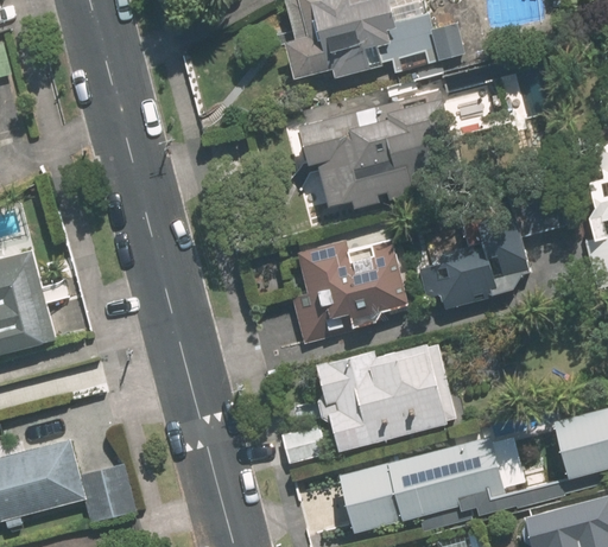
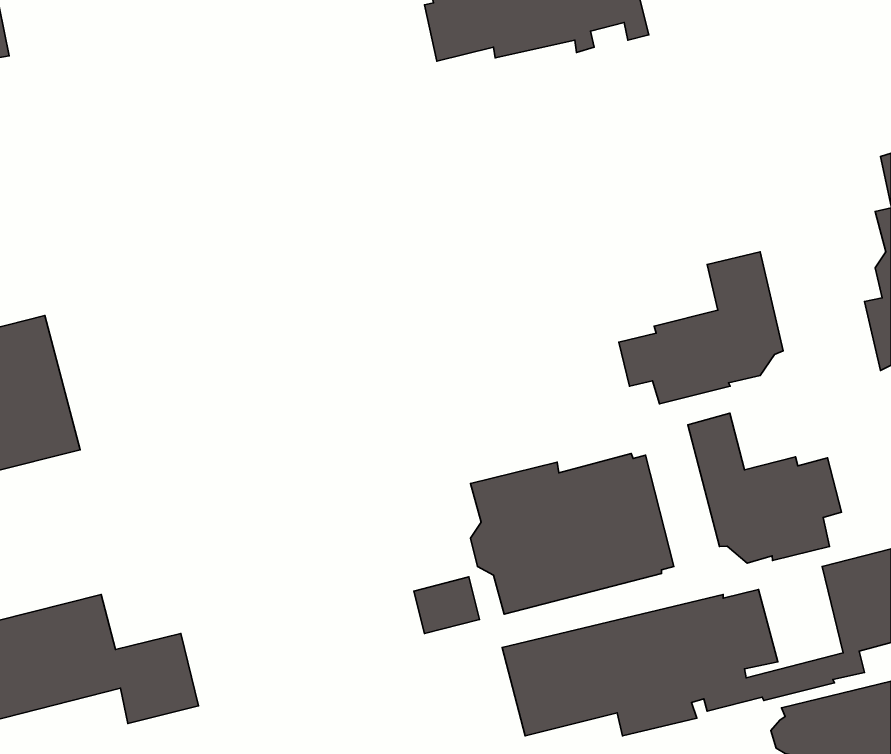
building: [302,90,464,208] -> none
building: [291,230,410,345] -> none
building: none -> [688,413,841,563]

